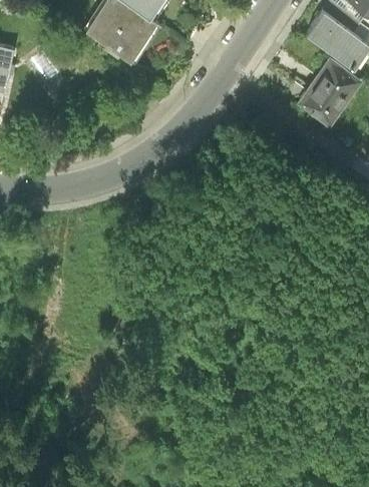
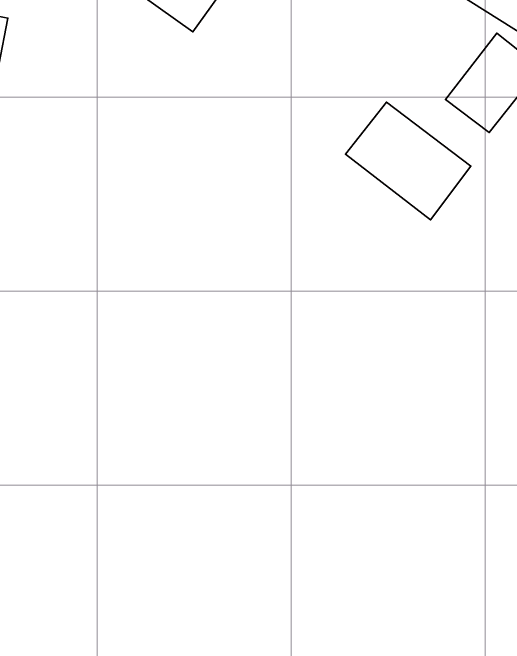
building: none -> [346,102,471,220]

